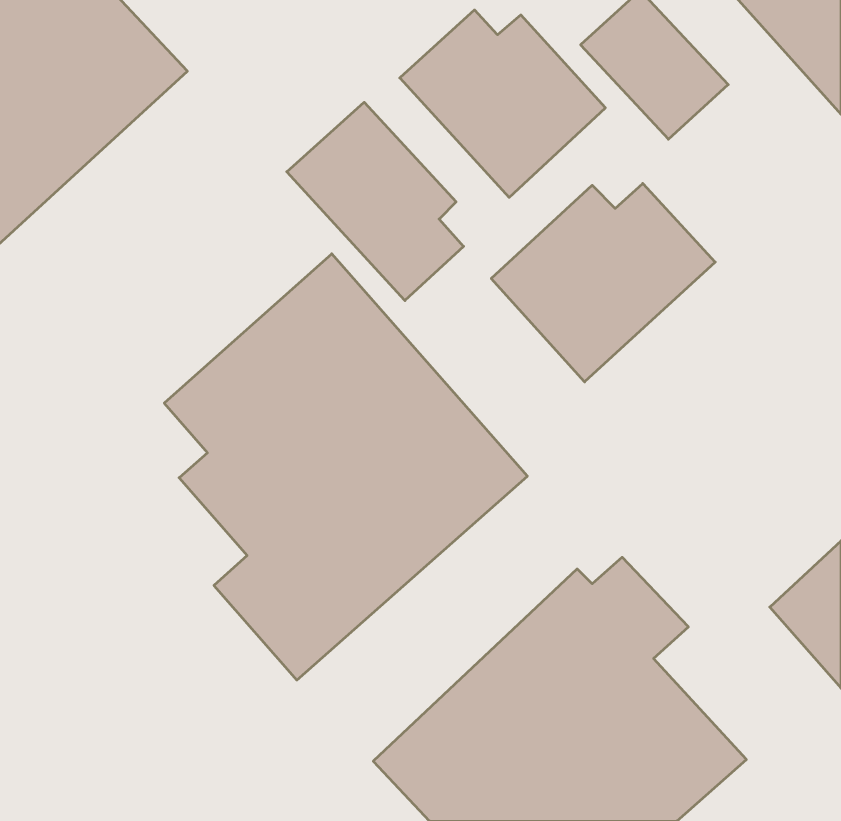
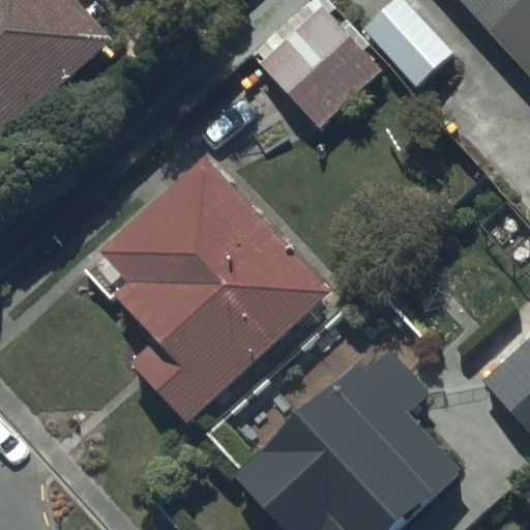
building: [287,102,464,301] -> none
building: [491,183,715,382] -> none

